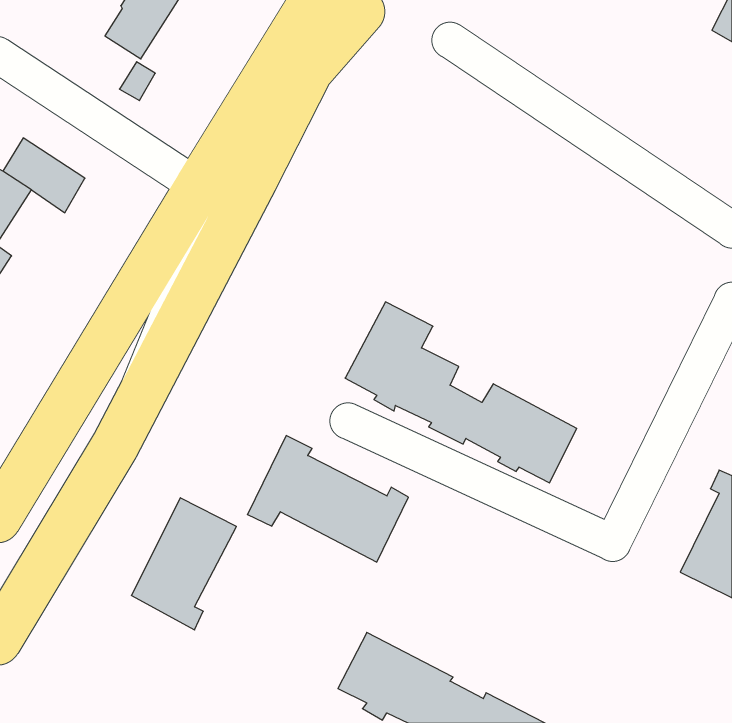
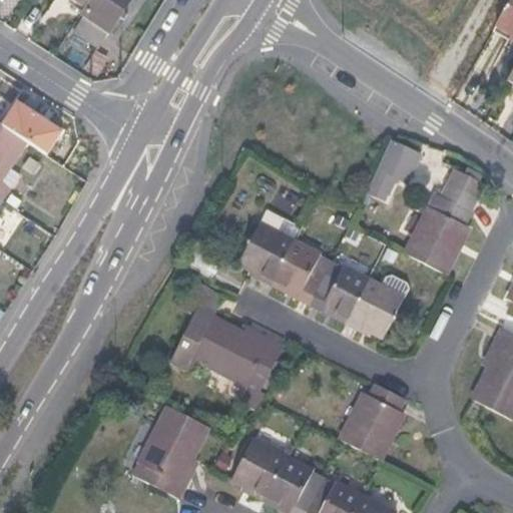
building: none -> [366,134,419,192]
building: none -> [407,168,482,274]
building: [131,498,236,630] -> [136,407,209,499]
building: none -> [343,385,406,461]

